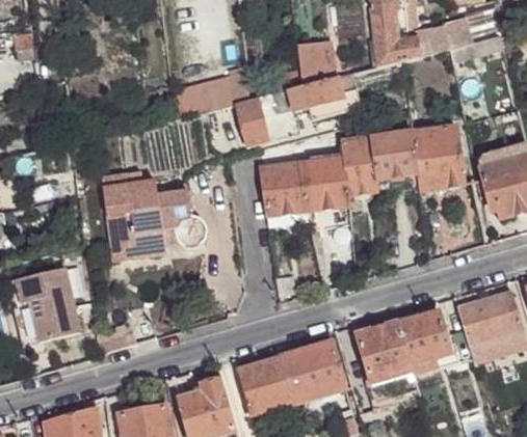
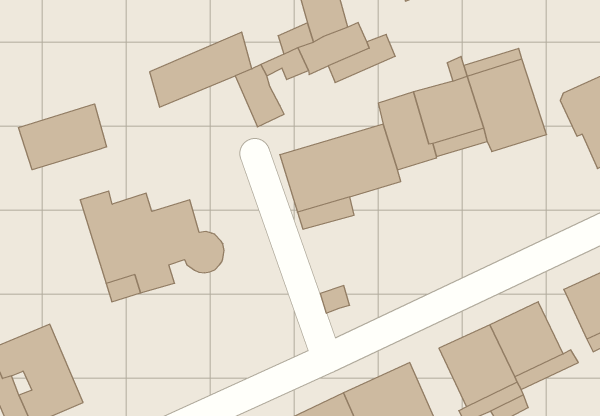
building: none -> [19,104,107,170]

